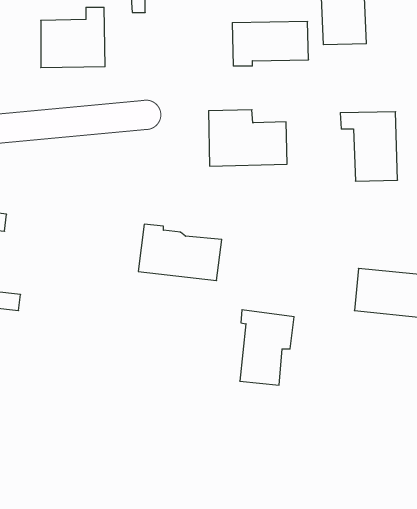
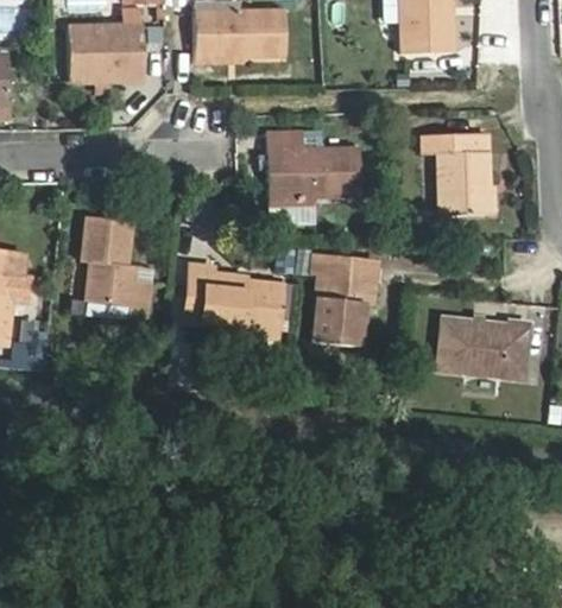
building: [232,22,309,66] -> [195,10,285,62]
building: none -> [82,216,152,322]
building: [240,310,294,385] -> [312,255,377,344]

